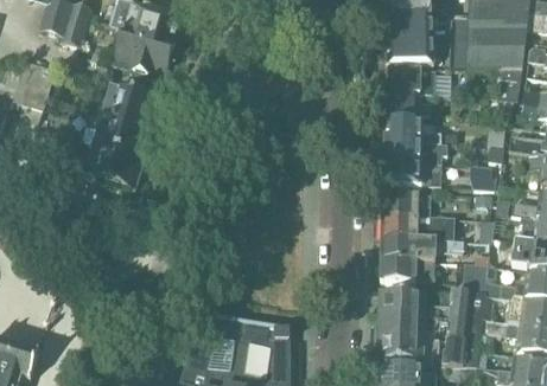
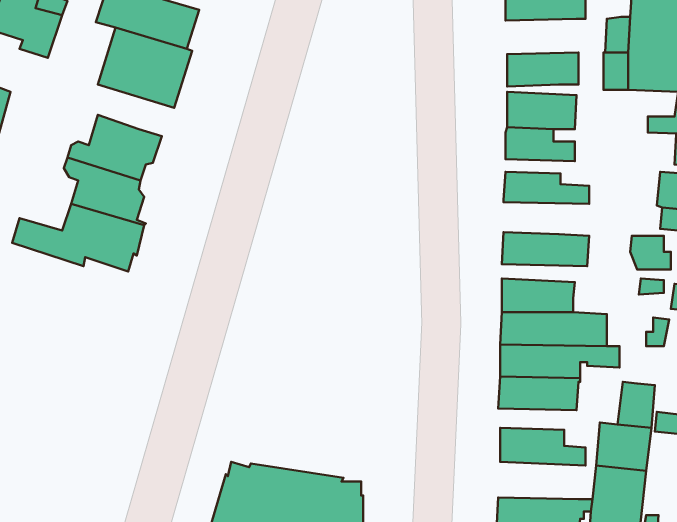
building: [384,19,433,43] -> none
building: [383,141,451,162] -> none
building: [380,314,438,339] -> none

